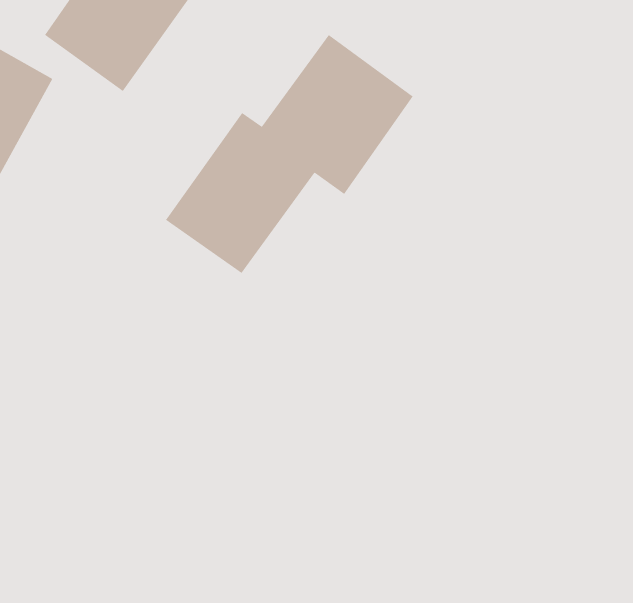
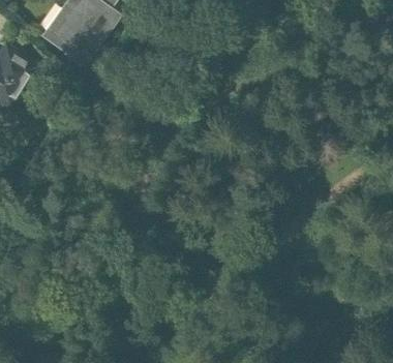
building: [165,34,413,274] -> none

